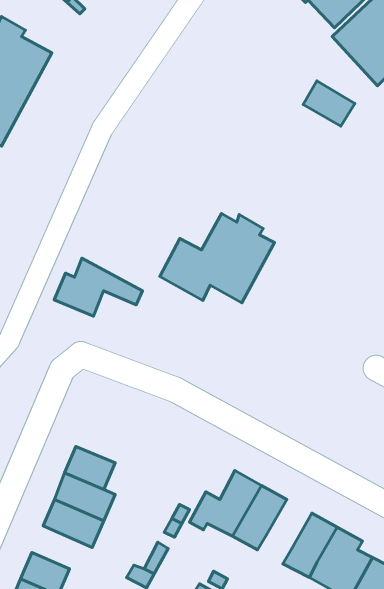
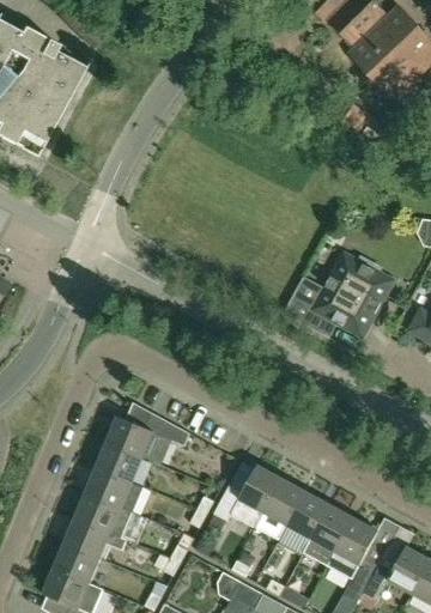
building: [160,213,275,303] -> [285,253,394,338]
building: [54,258,143,316] -> [107,402,190,457]
building: none -> [287,492,330,539]
building: none -> [65,517,128,558]

